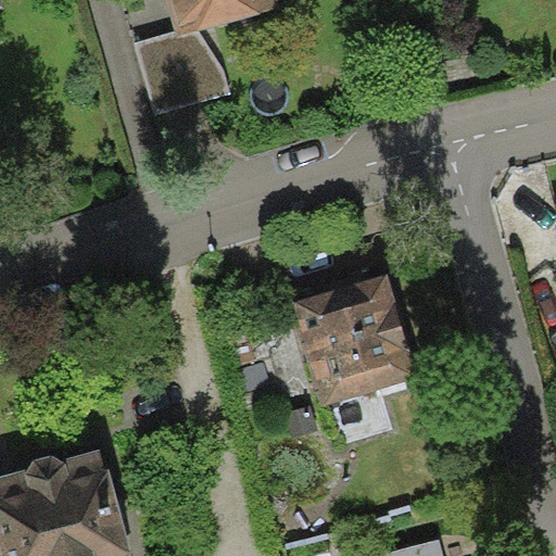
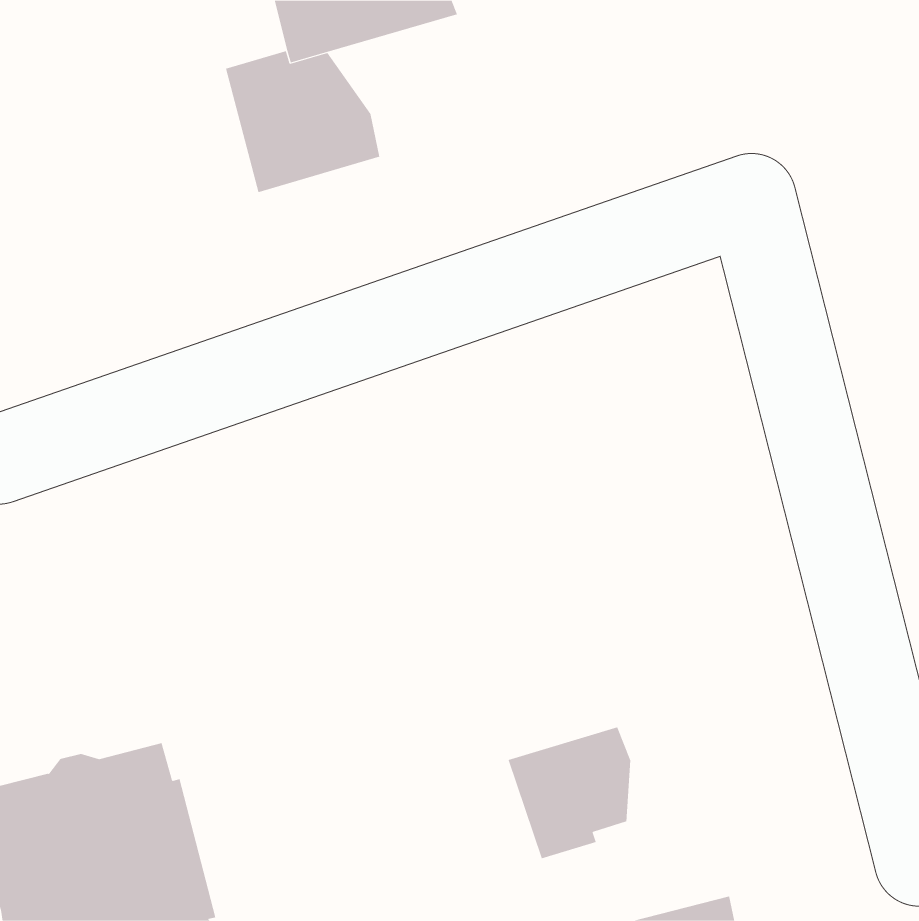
building: [290,274,417,406] -> none
building: none -> [508,726,631,859]

